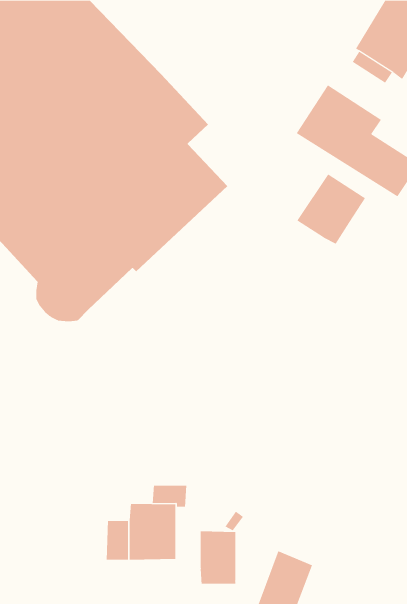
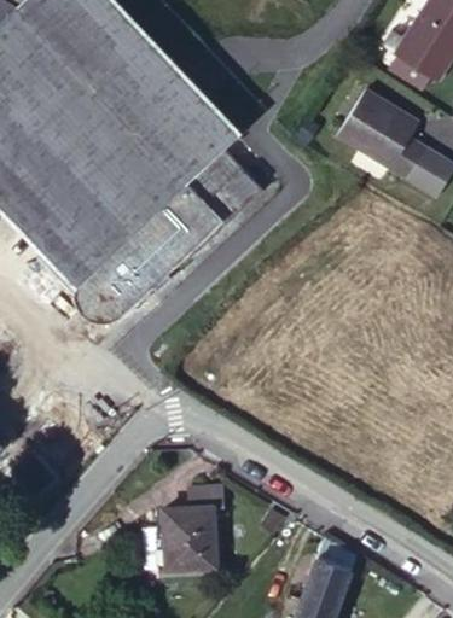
building: [296,174,366,244] -> none
building: [200,530,236,584] -> none

